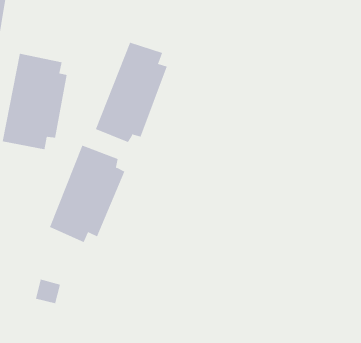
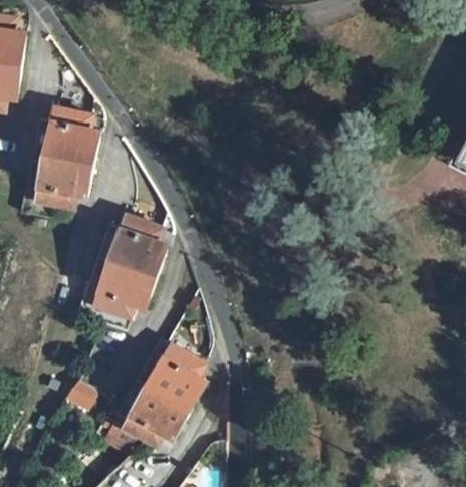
building: [95,42,167,143] -> none
building: none -> [112,331,211,446]

